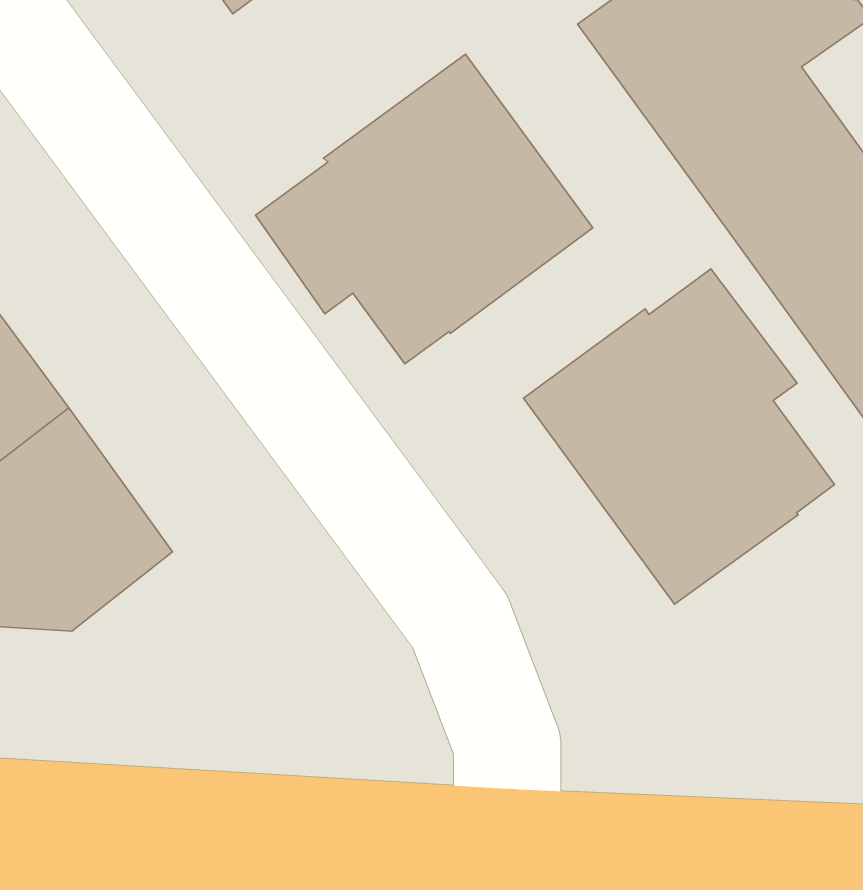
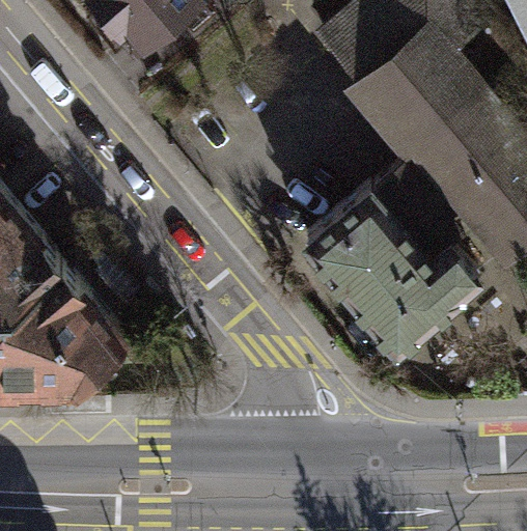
building: [255,54,593,364] -> none

